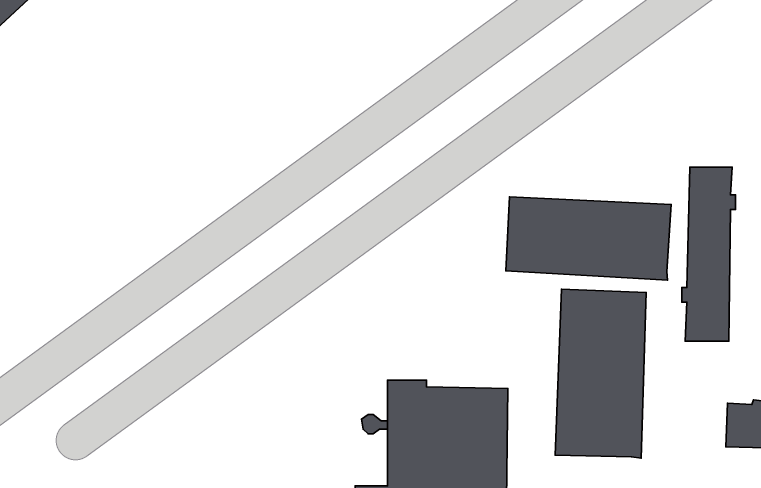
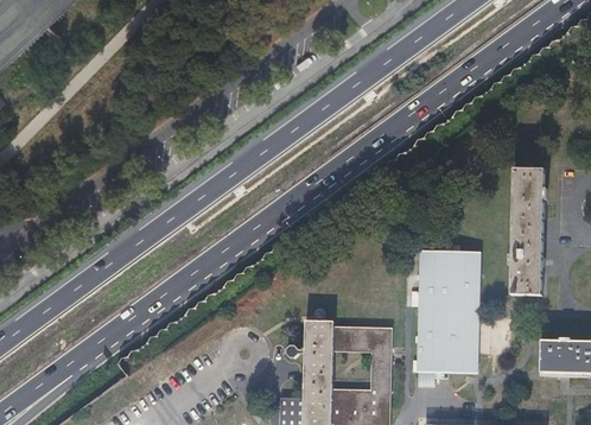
building: [506,197,671,280] -> none

